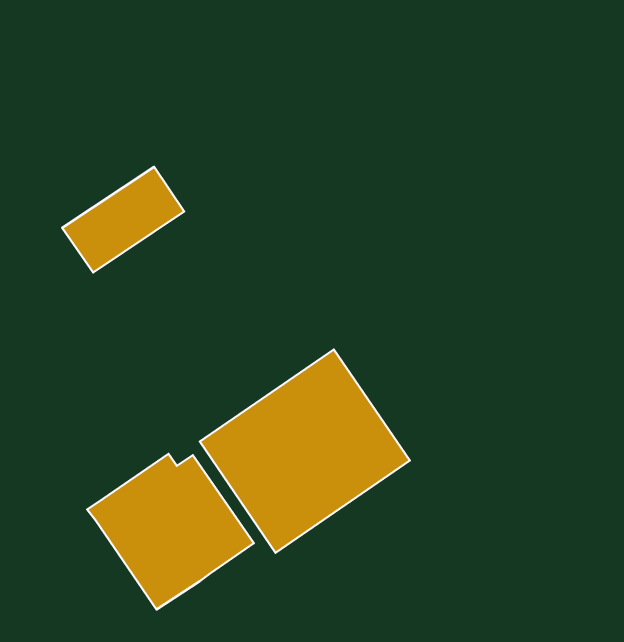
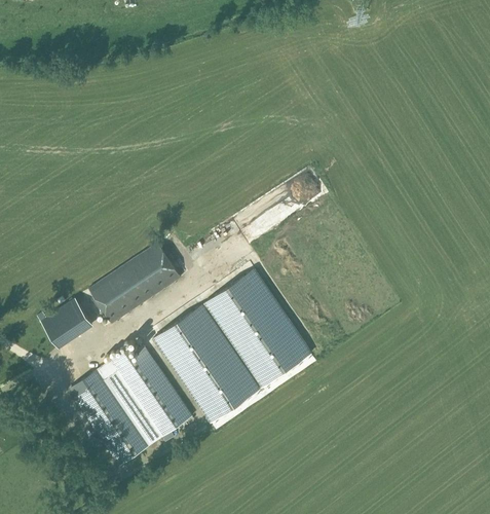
building: [62,167,184,272] -> [88,243,181,323]
building: none -> [40,298,93,348]

